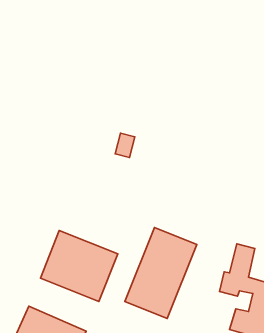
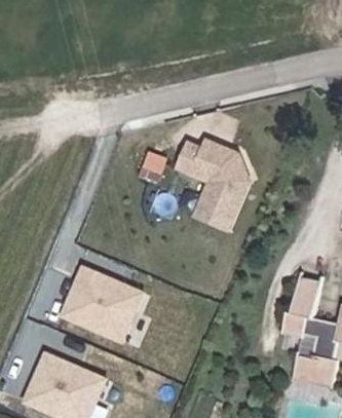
building: none -> [177,135,261,233]
building: [125,227,197,319] -> none

